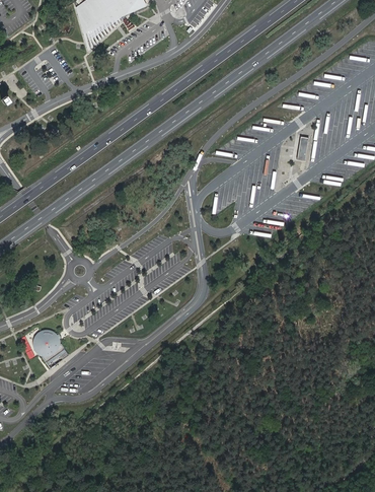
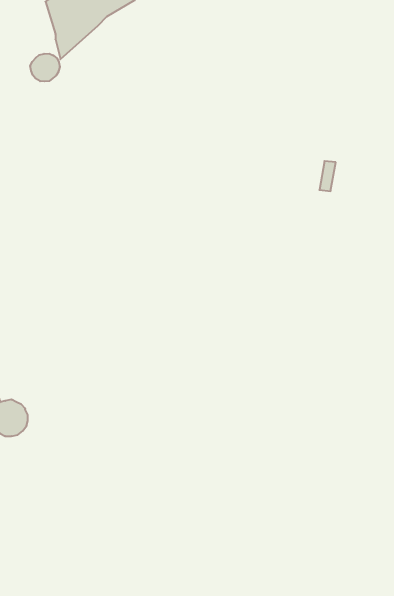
building: none -> [30,54,60,81]

